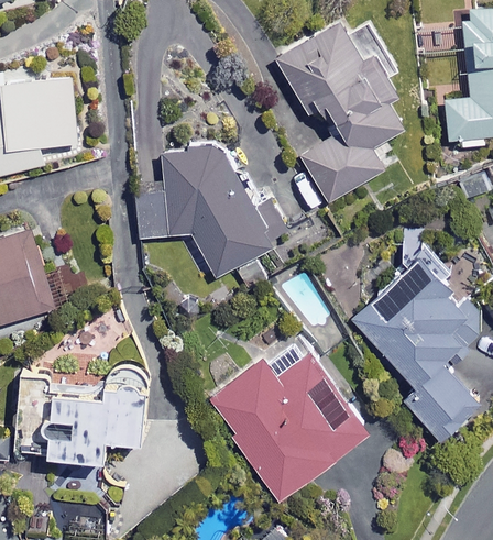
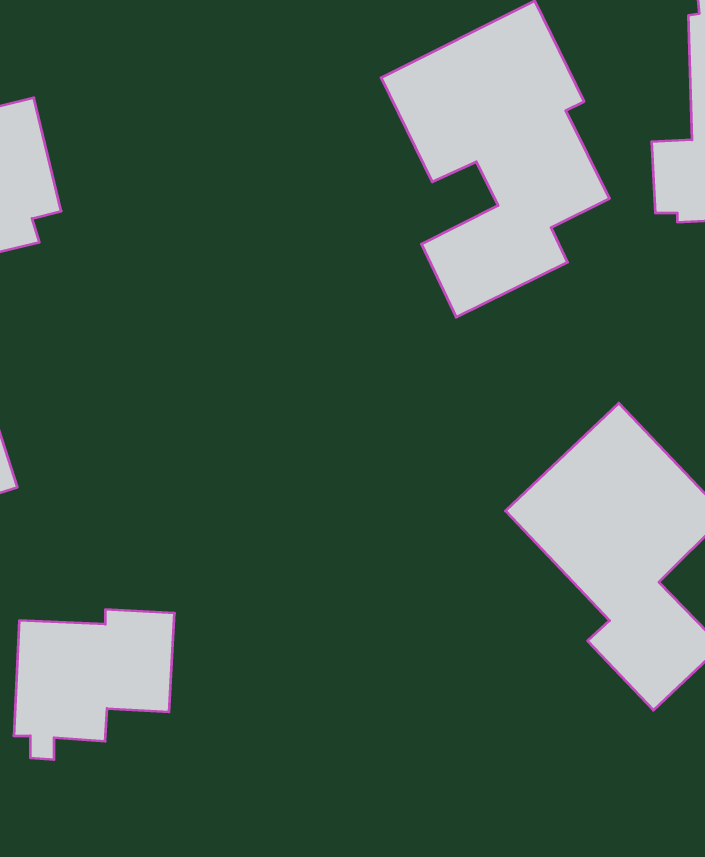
building: [131,146,276,279] -> none
building: [208,353,372,498] -> none

